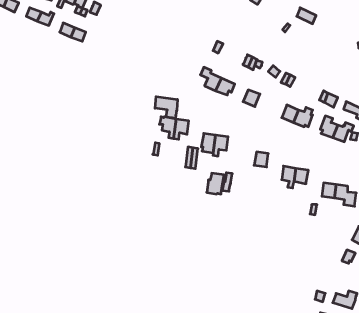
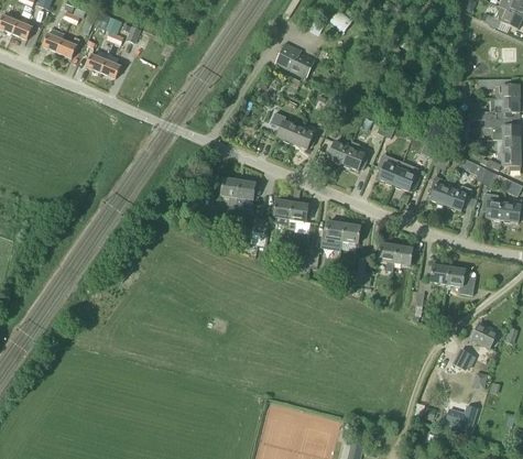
building: none -> [274,41,314,76]
building: none -> [342,141,369,170]
building: [155,97,177,118] -> none
building: [207,173,224,194] -> [322,220,345,248]

